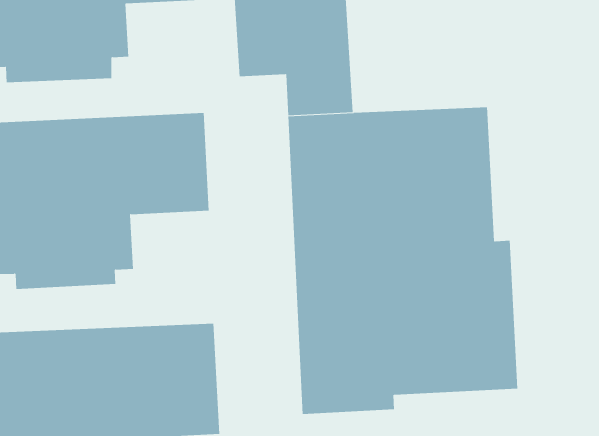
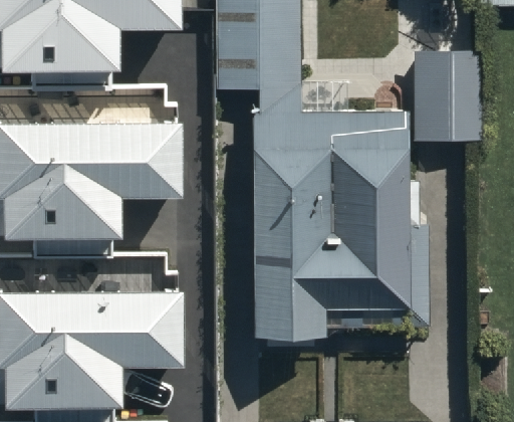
building: none -> [414,53,480,142]

